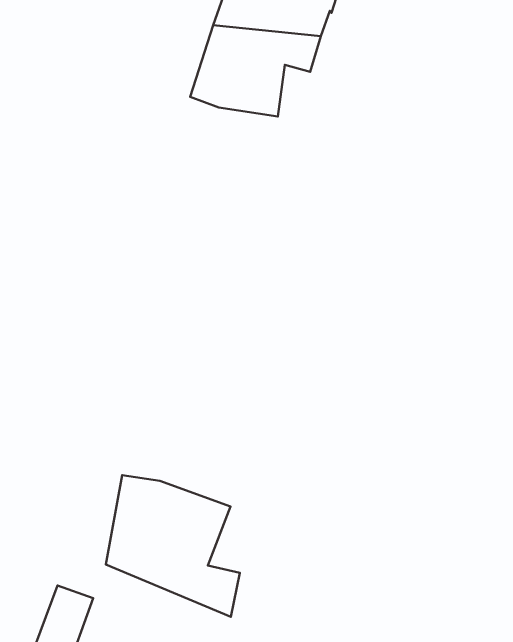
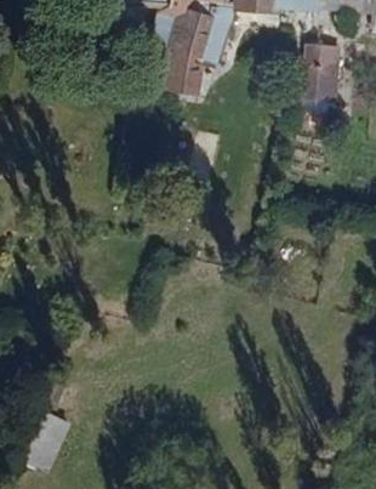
building: none -> [304,42,335,114]
building: [106,475,240,617] -> none

